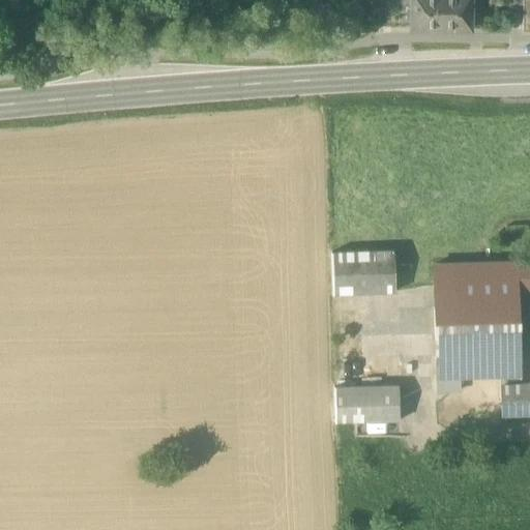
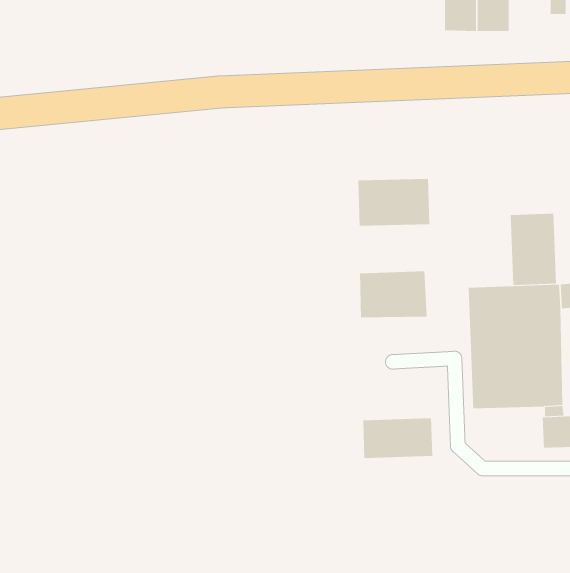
building: none -> [358,178,430,227]
building: none -> [510,213,556,286]

